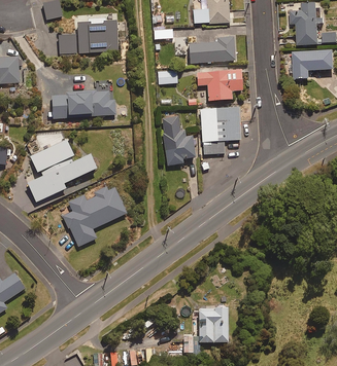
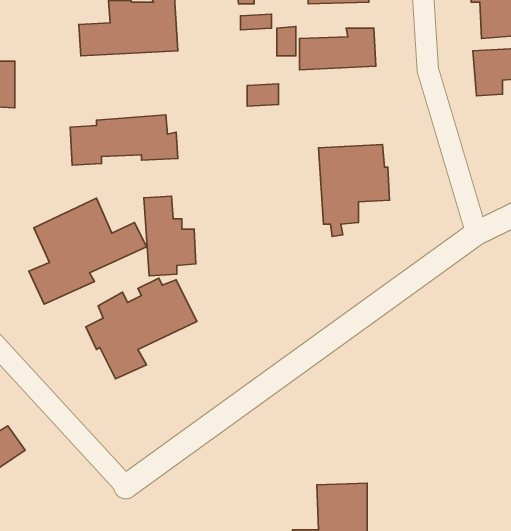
building: [196,70,241,101] -> none
building: [162,117,193,164] -> [144,196,196,276]

